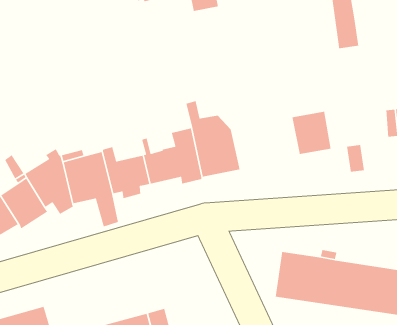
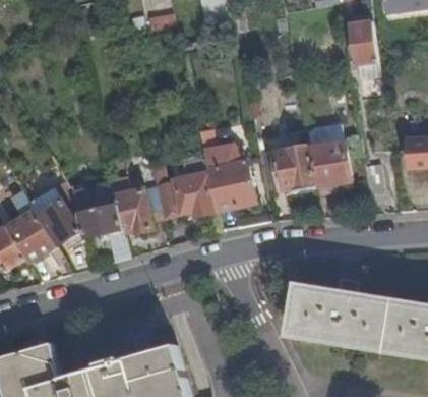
building: none -> [257,144,315,189]

